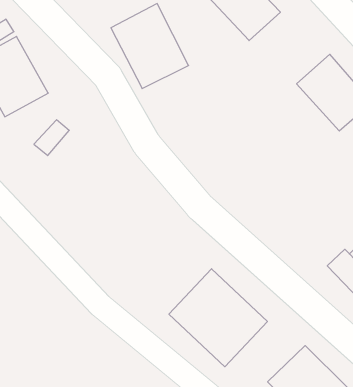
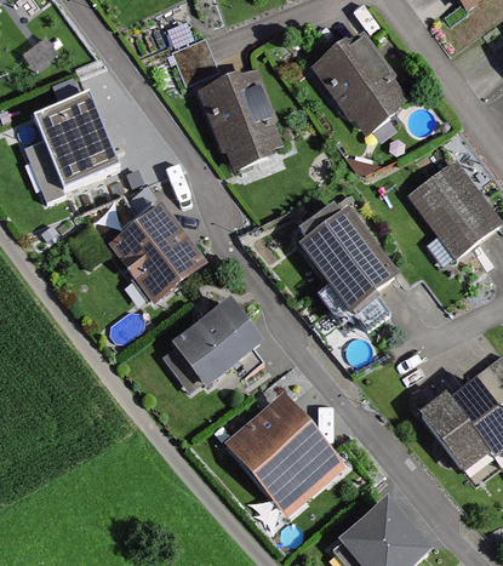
building: none -> [301,201,399,308]
building: none -> [113,201,202,293]
building: none -> [172,299,262,385]

